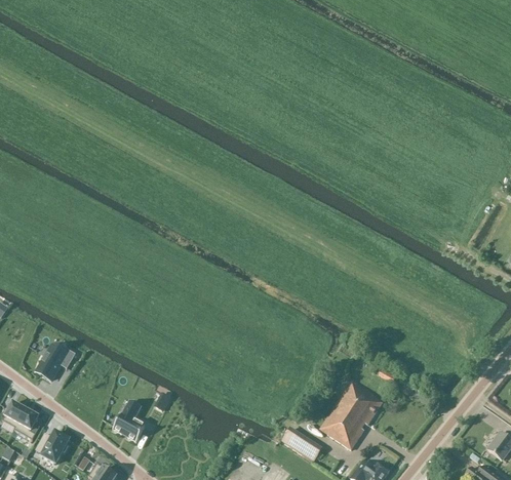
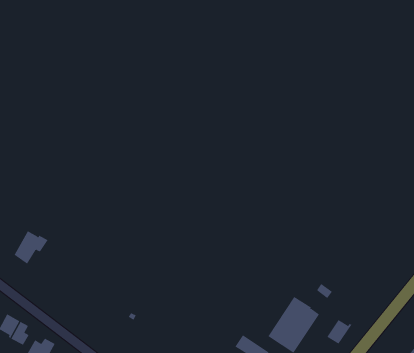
building: [36,343,77,383] -> [14,231,48,264]
building: [114,405,146,442] -> none
building: none -> [326,319,352,344]

